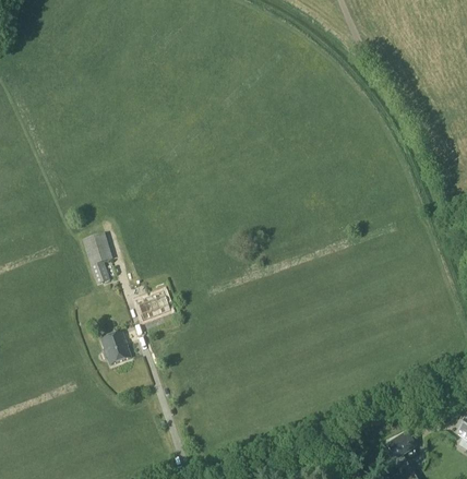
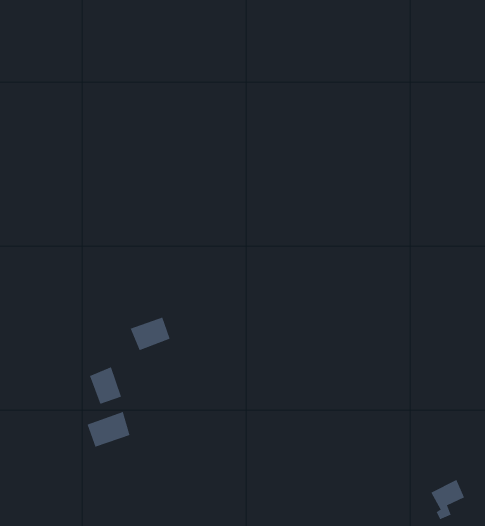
building: [84,231,113,283] -> none
building: none -> [87,411,130,447]

